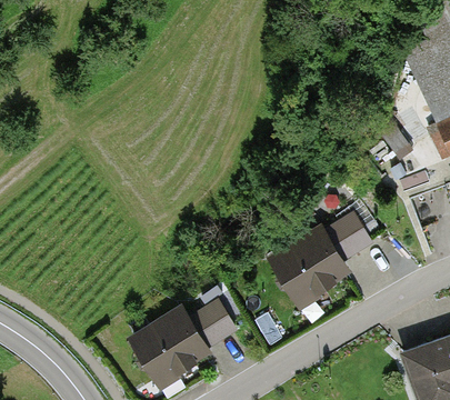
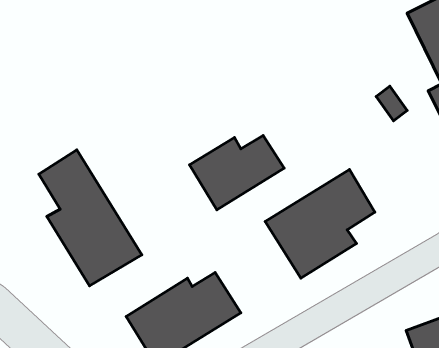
building: none -> [190,135,284,210]
building: none -> [39,150,142,286]

